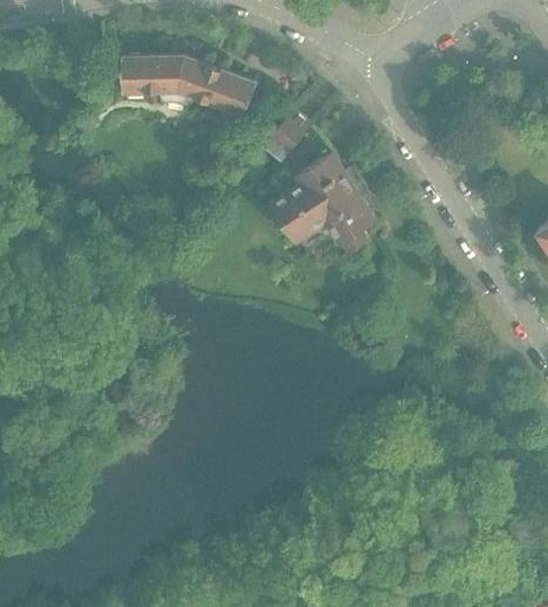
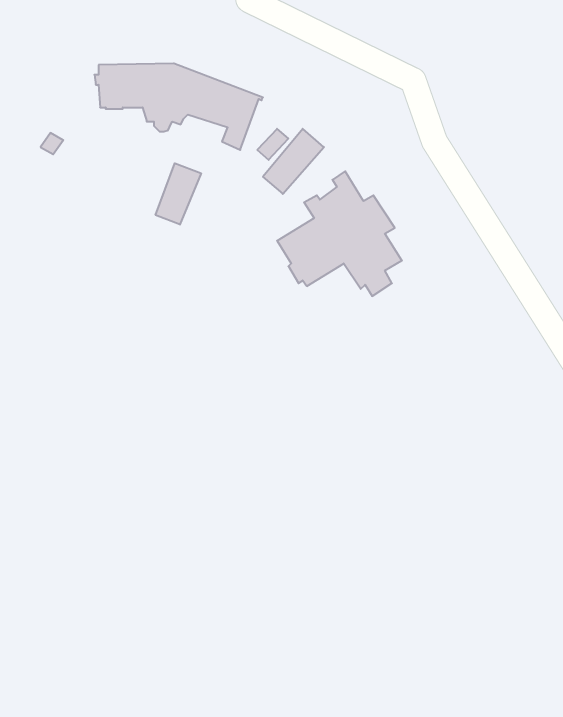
building: none -> [156,163,201,225]

